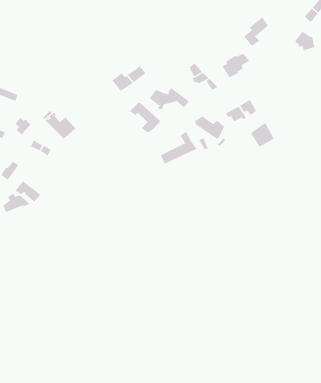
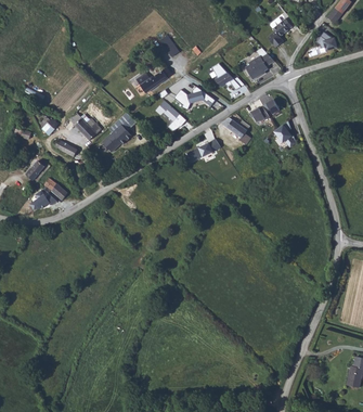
building: none -> [104,114,134,147]

